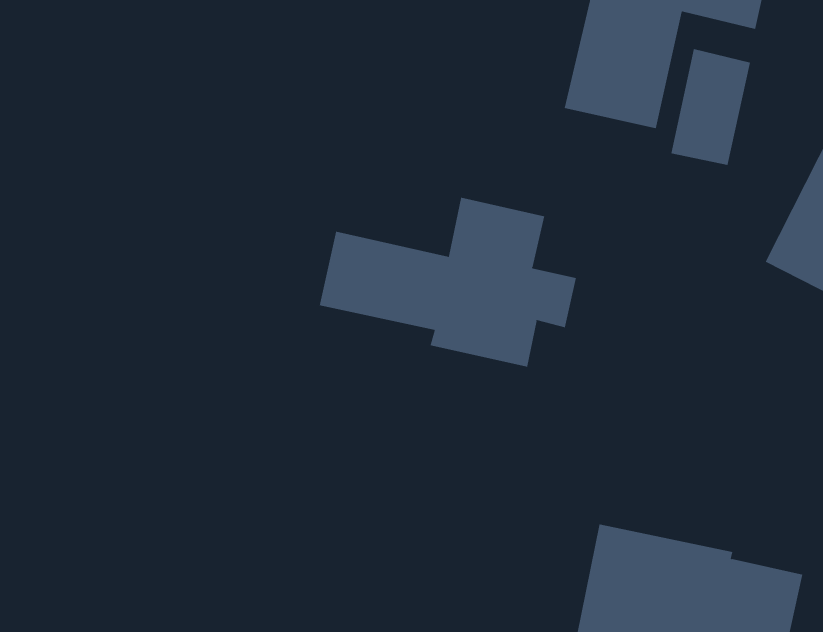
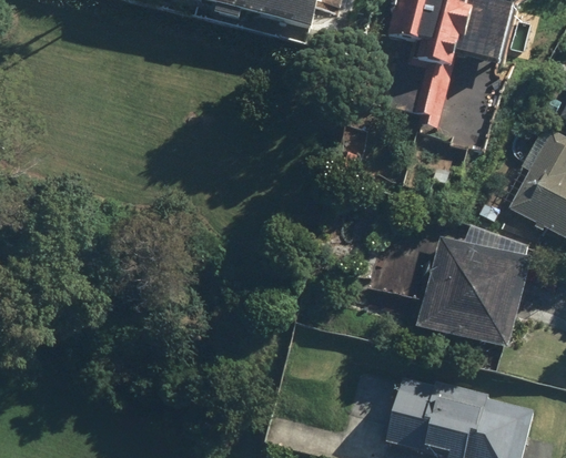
building: [319,197,577,368] -> none
building: none -> [420,233,534,347]

